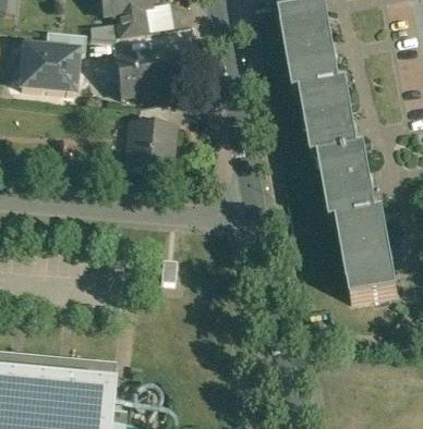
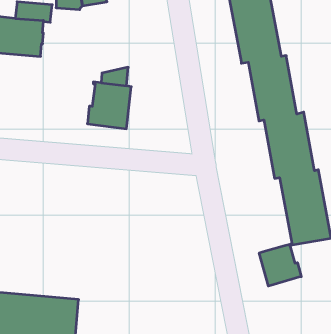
building: [98,53,165,99] -> none
building: none -> [259,244,301,286]

